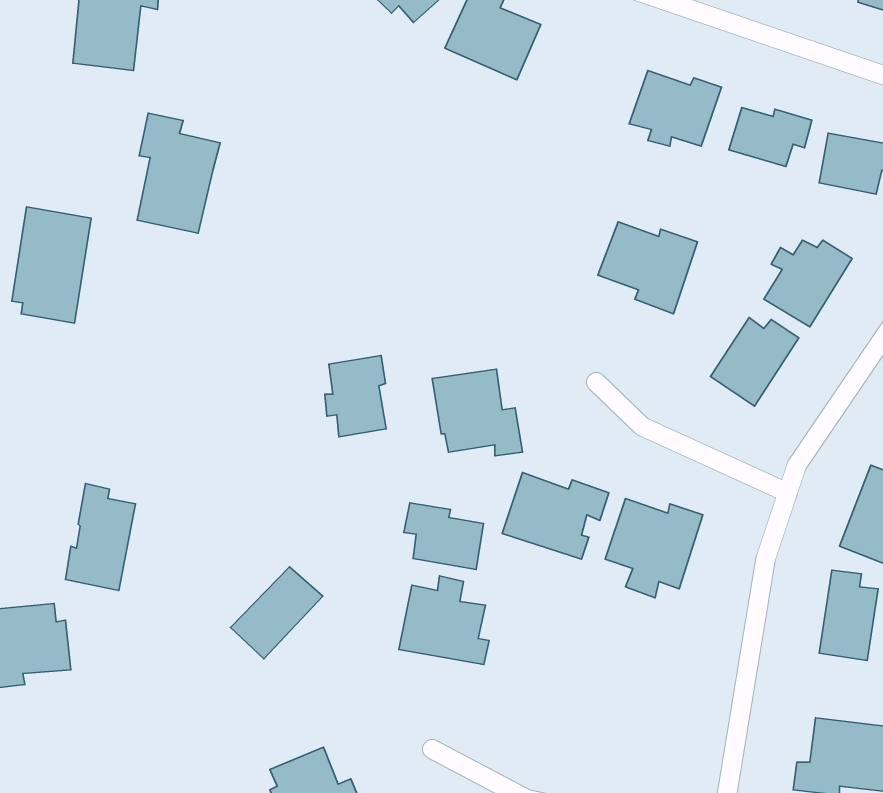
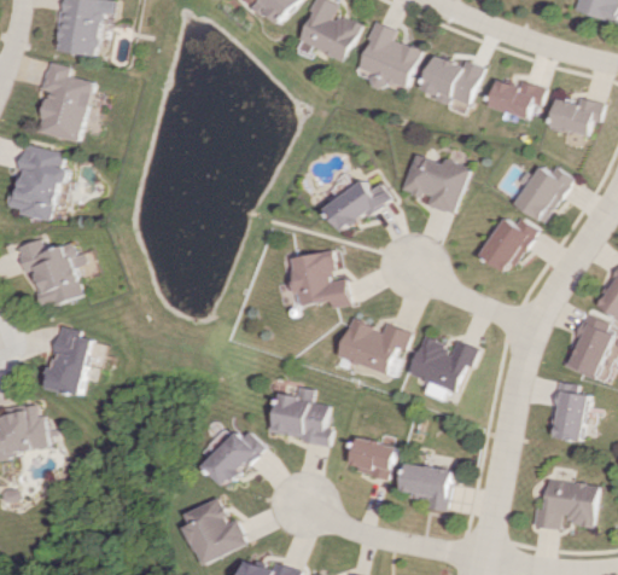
building: none -> [360,21,420,89]
building: [137,113,220,233] -> [40,62,94,140]
building: none -> [325,180,390,232]
building: none -> [21,238,91,307]
building: [325,356,386,437] -> none
building: [404,503,483,569] -> none
building: [231,567,323,659] -> [205,426,266,487]
building: none -> [344,437,389,477]
building: none -> [396,463,448,510]

